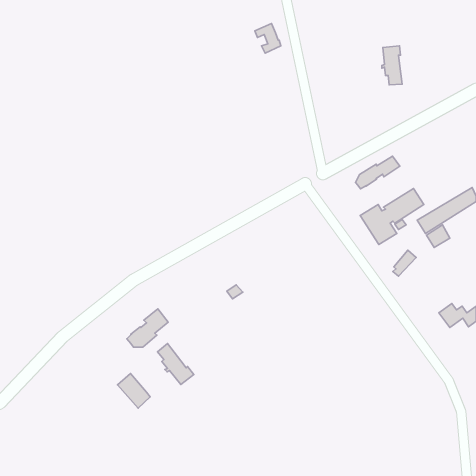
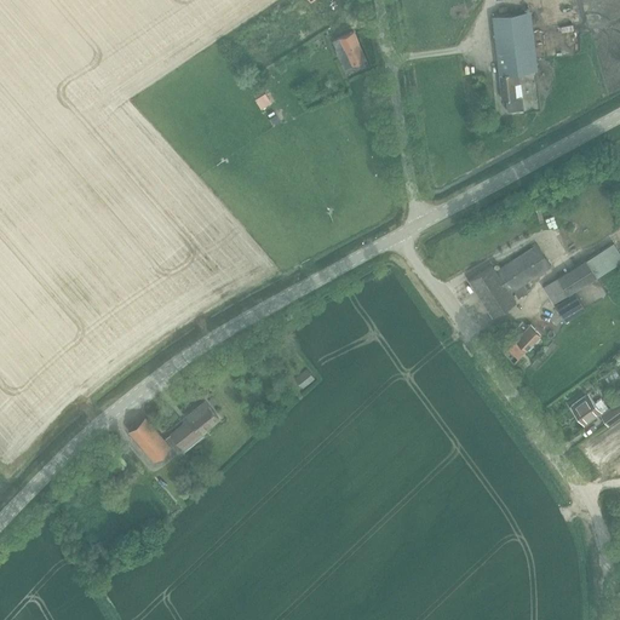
building: none -> [490,12,535,73]
building: [356,156,400,189] -> none
building: [158,343,194,385] -> none
building: [118,374,150,408] -> [127,417,170,461]

